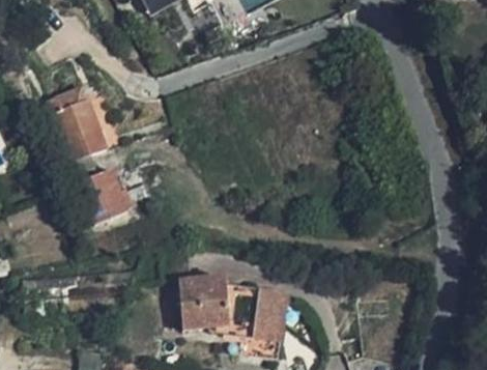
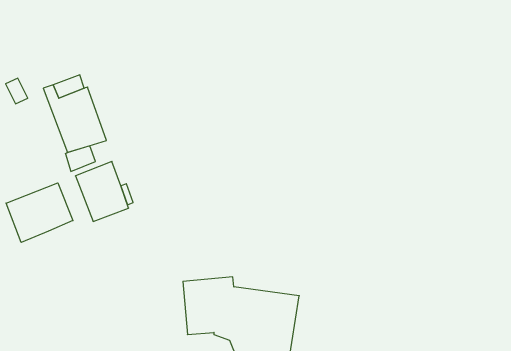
building: none -> [6,183,73,242]

